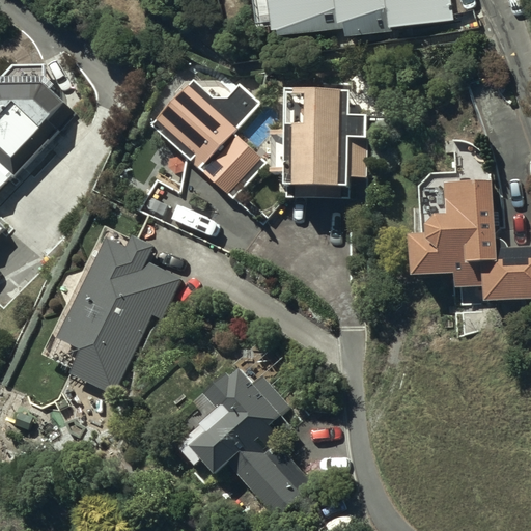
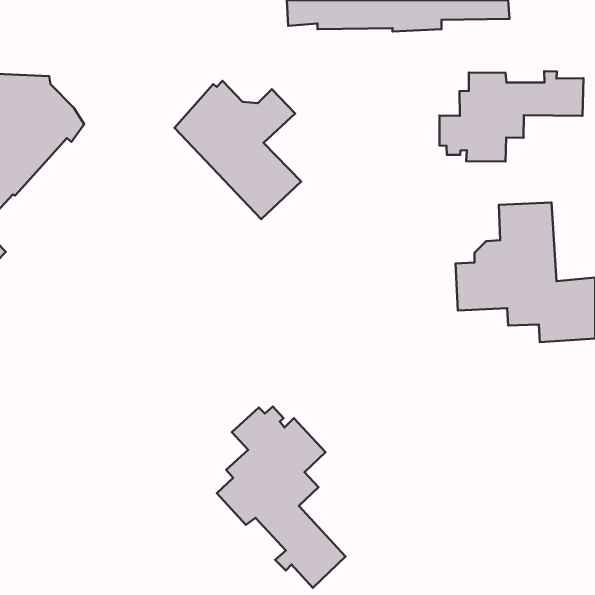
building: none -> [439,71,583,161]
building: [273,78,368,198] -> none
building: [41,223,181,394] -> none

